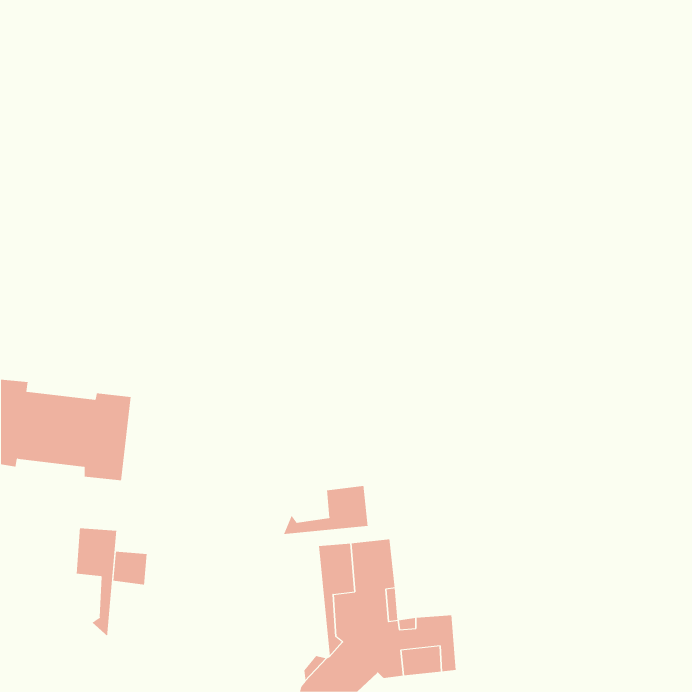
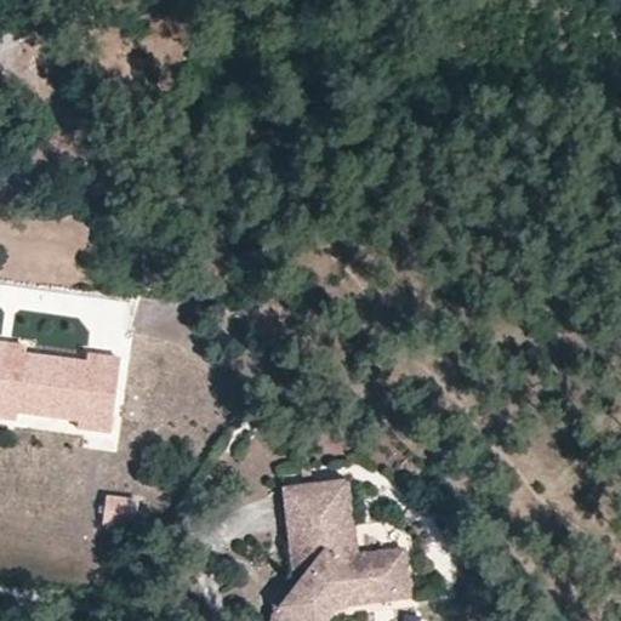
building: [283,485,368,535] -> none
building: [76,527,117,637] -> none

